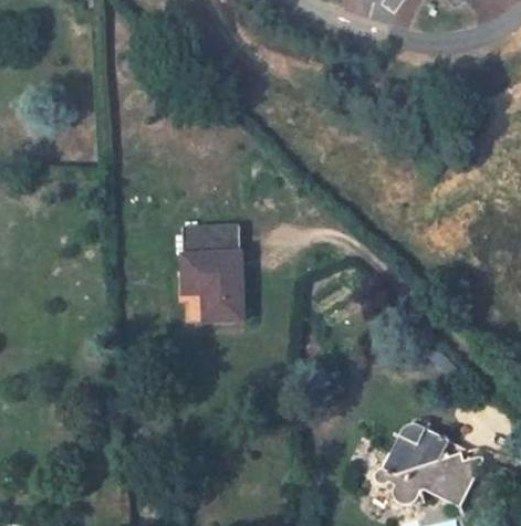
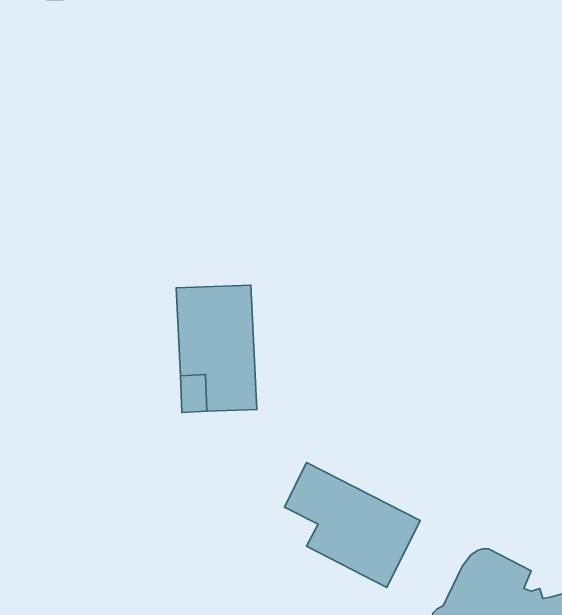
building: none -> [284,462,420,587]

